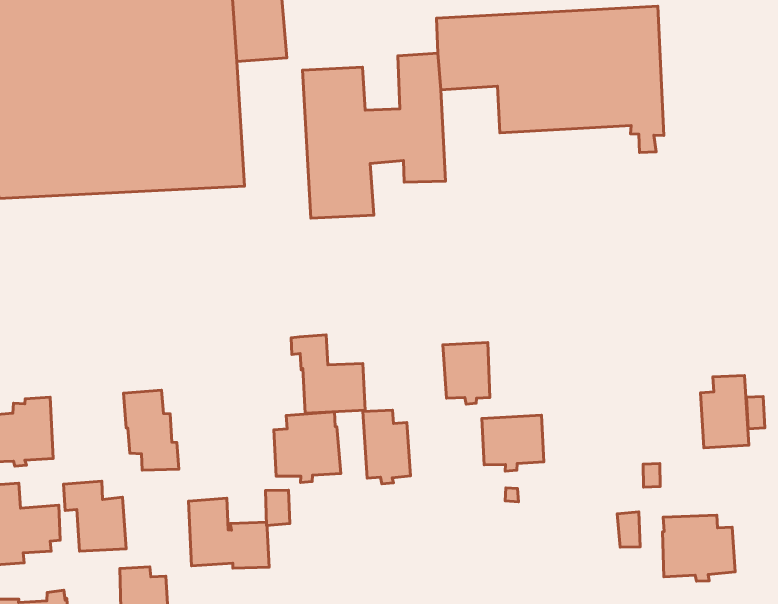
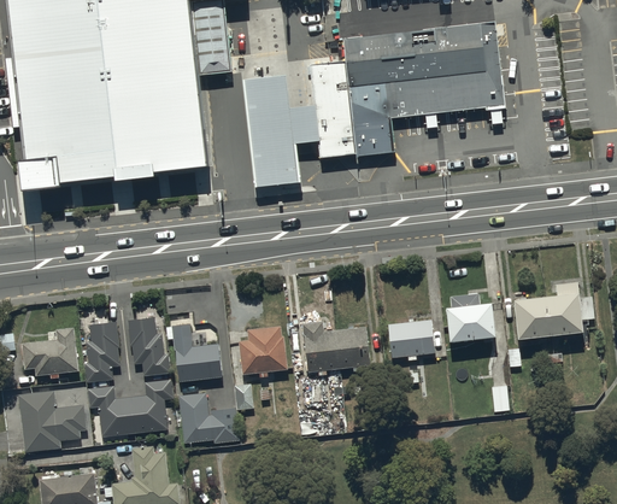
building: none -> [345,82,392,153]
building: [291,335,365,413] -> [165,324,222,382]
building: [443,343,490,404] -> [334,327,370,373]
building: none -> [445,293,495,342]
building: none -> [513,297,551,340]
building: none -> [84,322,119,383]
building: none -> [130,380,174,434]
building: [662,515,735,581] -> none

